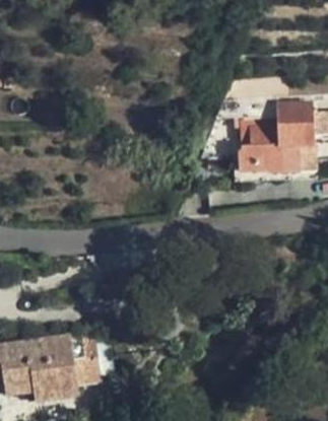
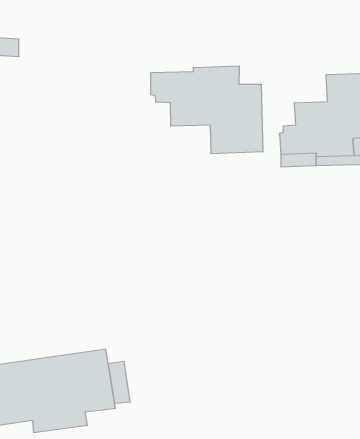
building: none -> [151,66,263,154]

